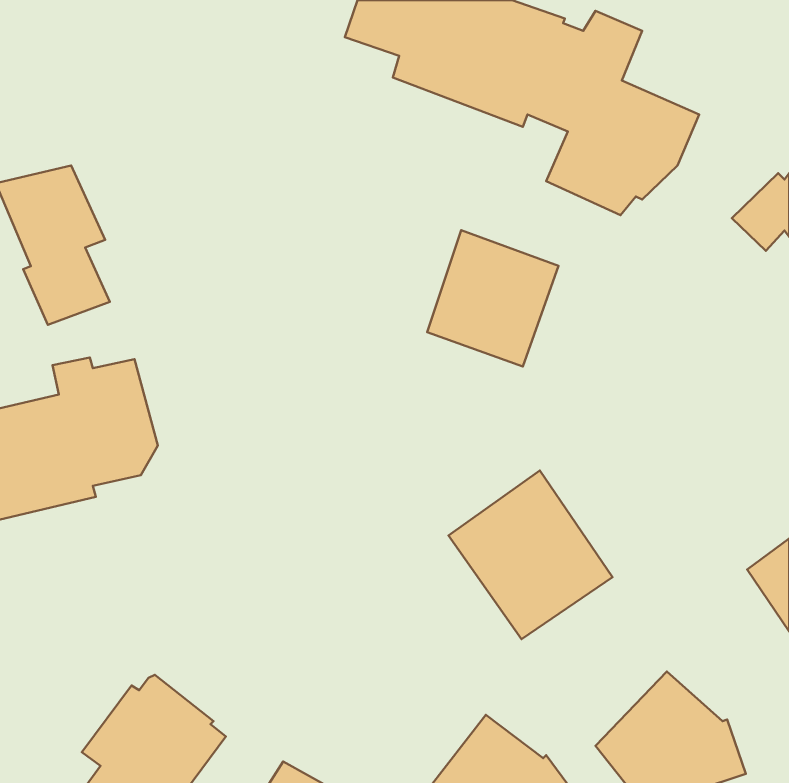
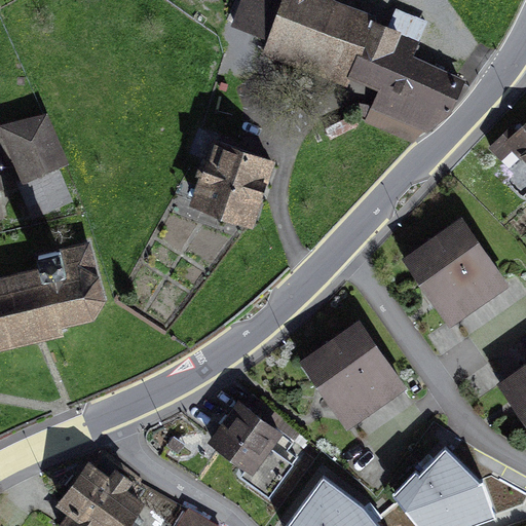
building: [427,230,559,366] -> [189,137,276,227]
building: none -> [402,216,509,325]
building: none -> [205,400,308,500]

